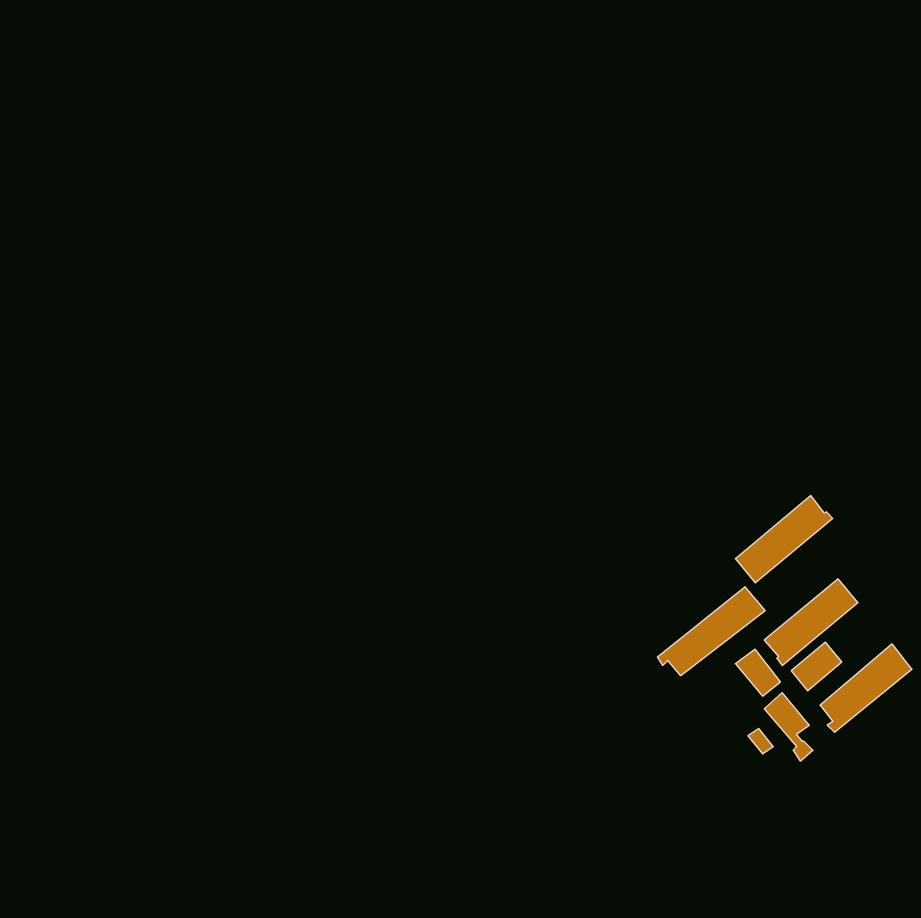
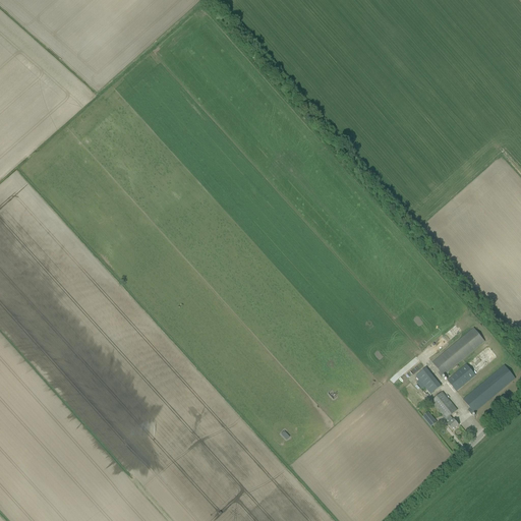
building: [735,496,833,583] -> none
building: [657,587,765,676] -> none

